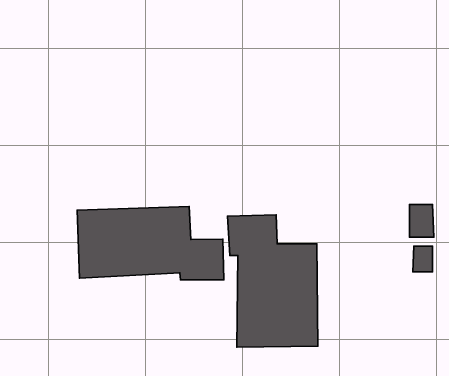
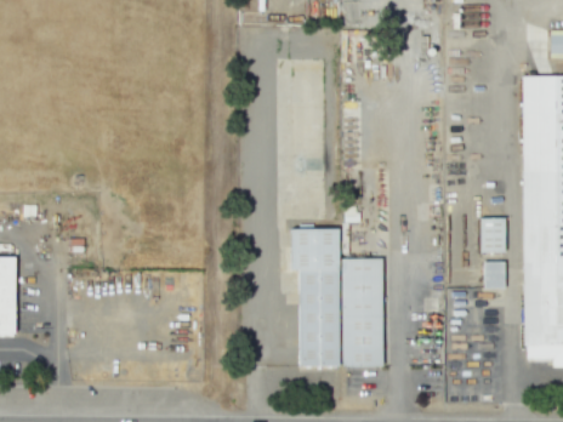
building: [77,206,224,280] -> none

